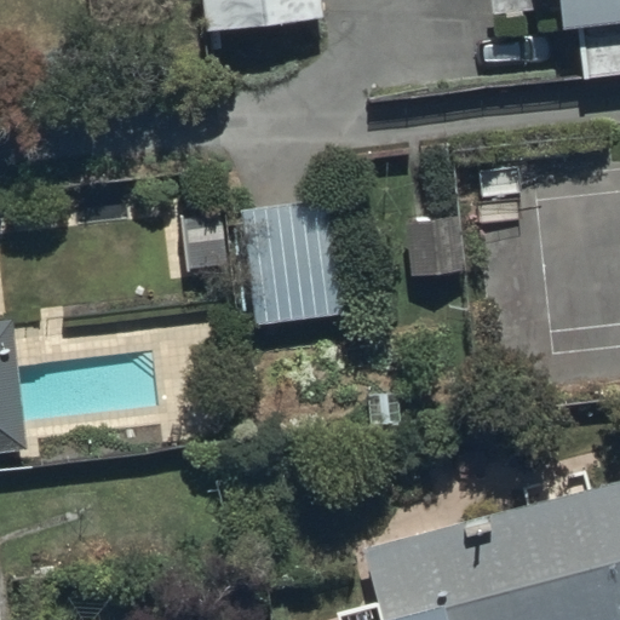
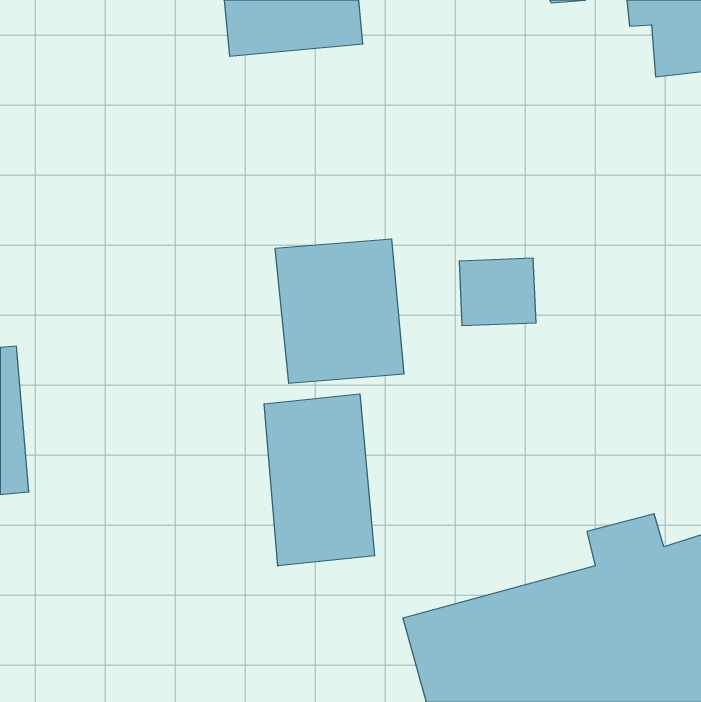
building: none -> [264,394,375,566]

